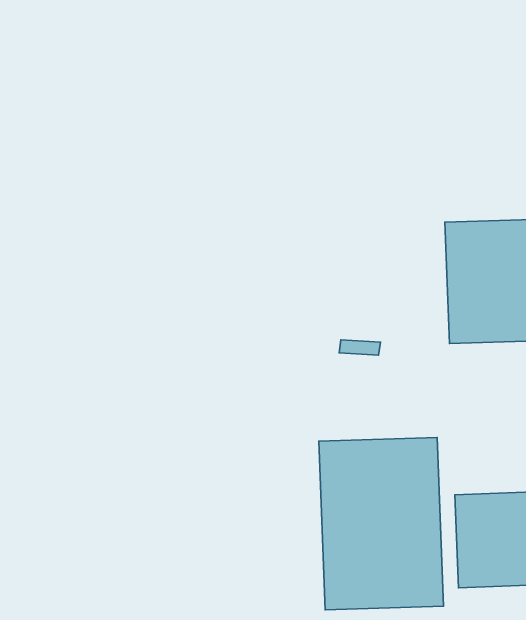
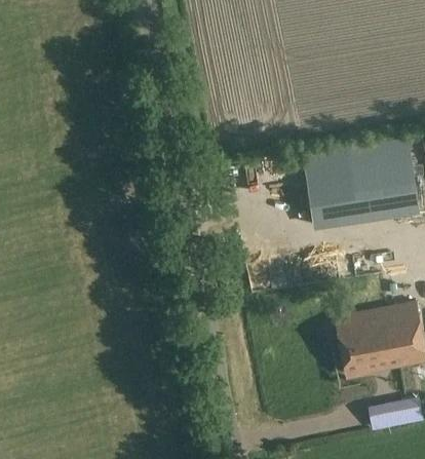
building: [319,438,443,610] -> none

